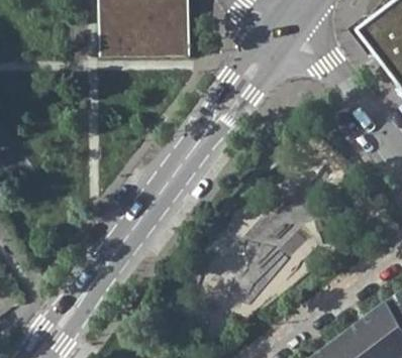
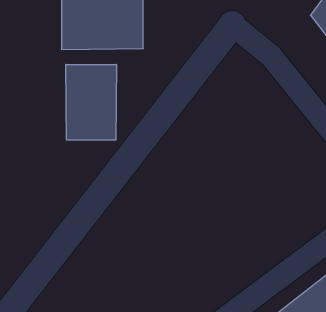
building: none -> [66,64,116,140]

